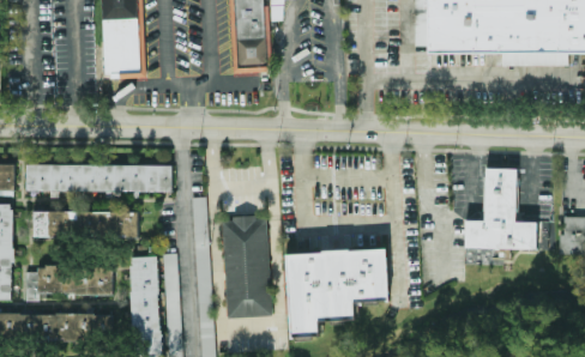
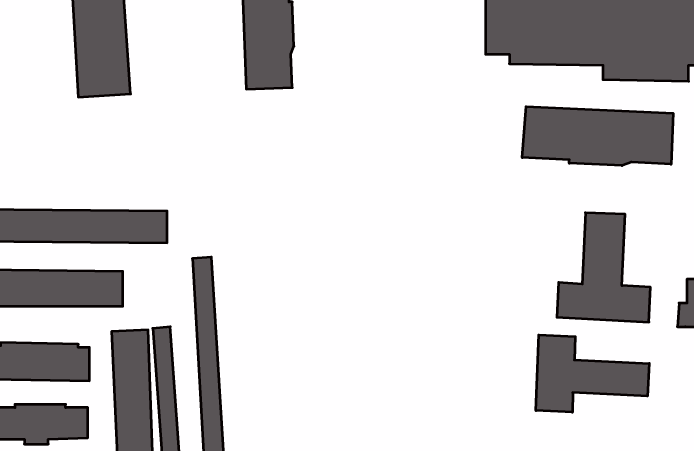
building: none -> [522,107,673,166]
building: [219,214,271,319] -> none
building: [281,250,384,340] -> none
building: none -> [536,335,649,412]

